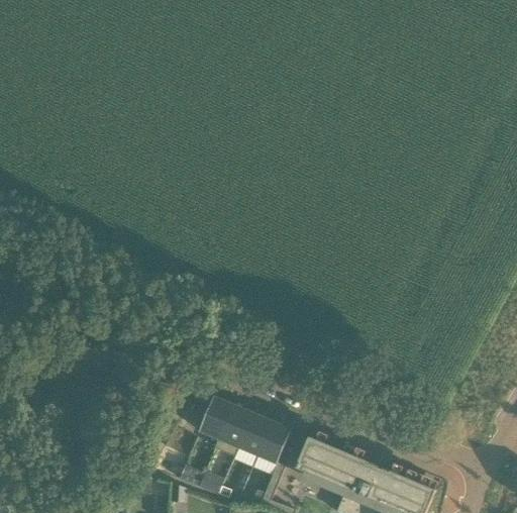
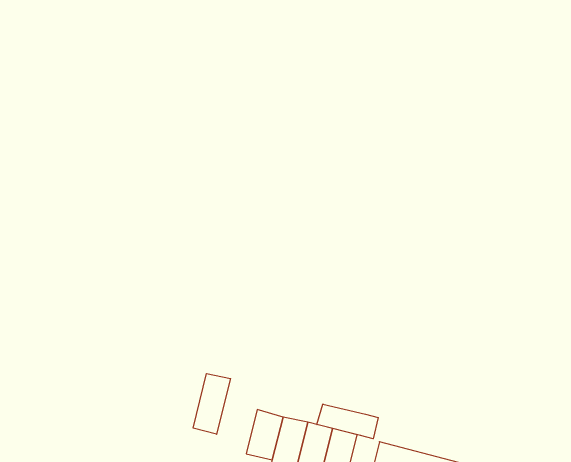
building: none -> [193,374,231,434]
building: none -> [317,404,378,439]

